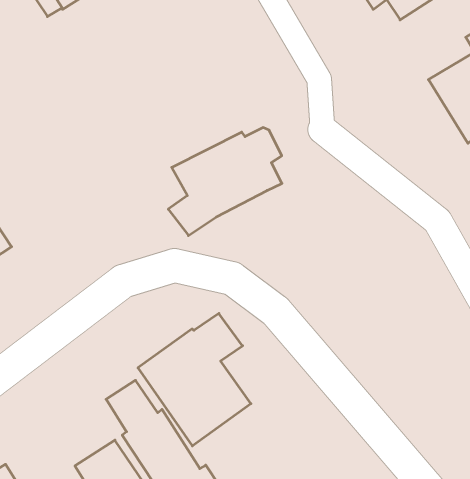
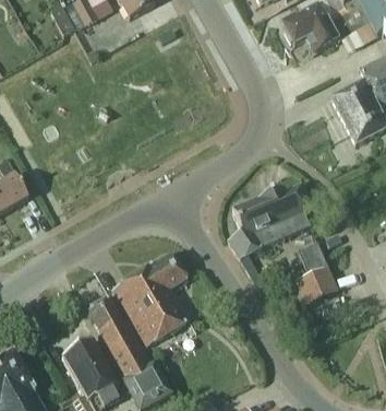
building: [168,128,282,236] -> [227,185,310,258]
building: none -> [293,240,336,303]

